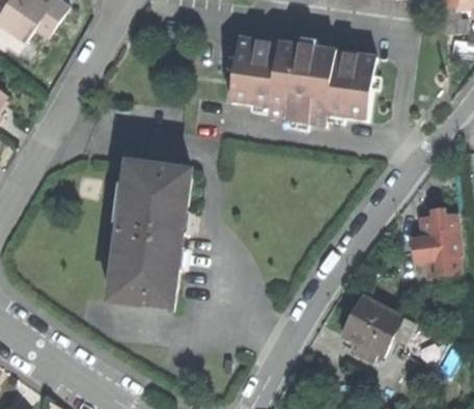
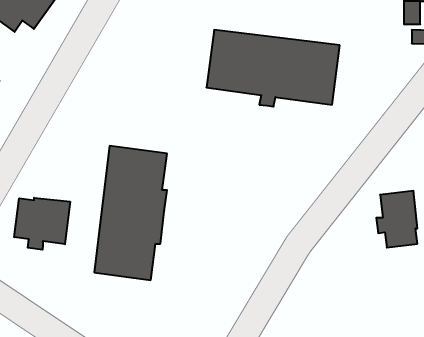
building: none -> [14,198,70,250]
building: [340,296,414,359] -> none

